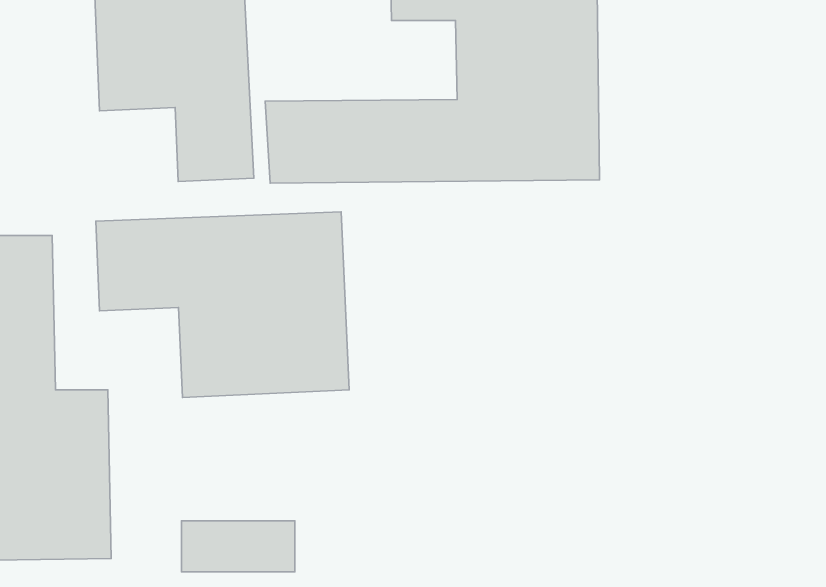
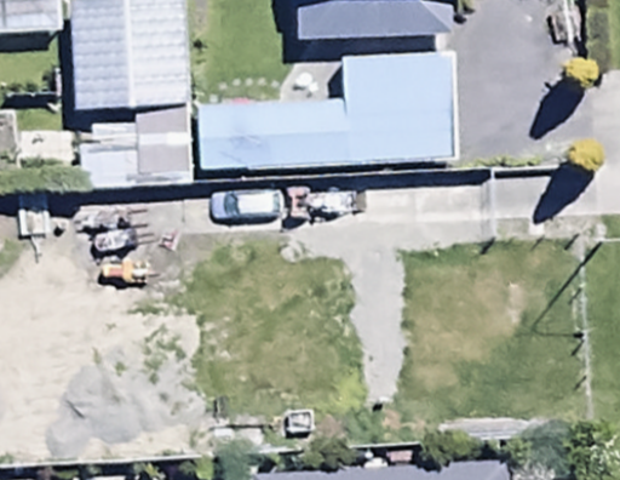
building: [96,212,349,397] -> none

